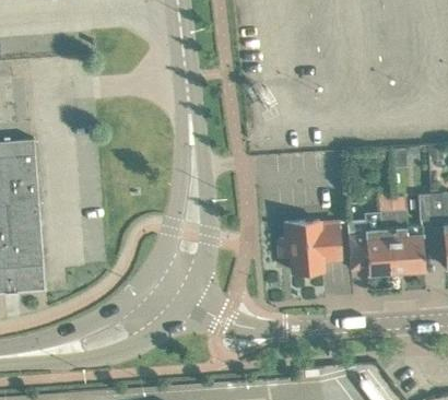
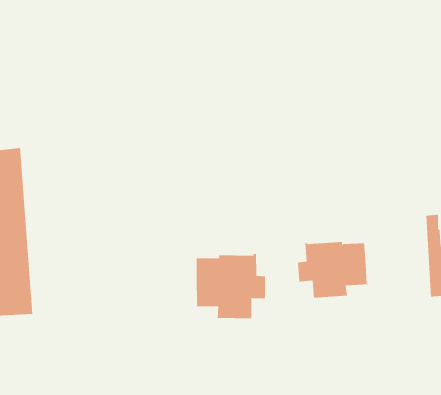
building: [347,193,397,273] -> none
building: none -> [195,253,267,319]

